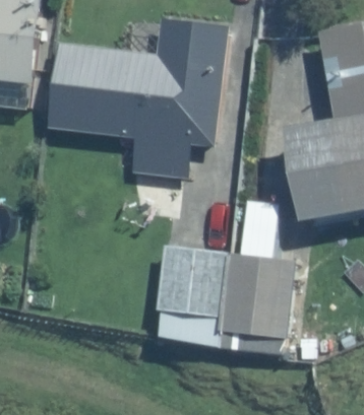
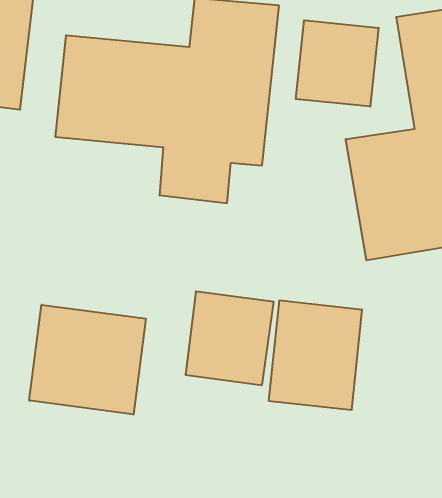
building: none -> [296,20,379,107]
building: none -> [29,305,146,415]

